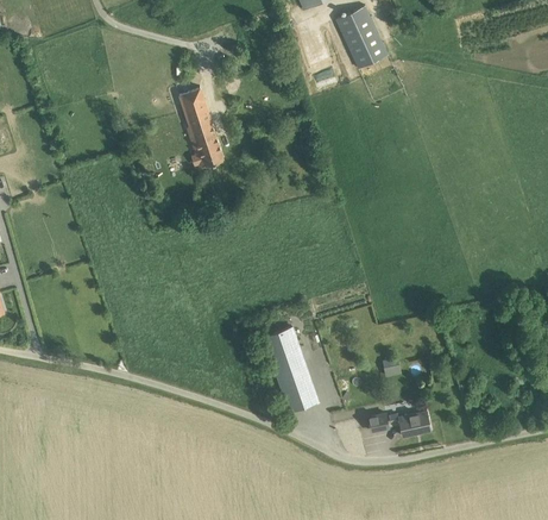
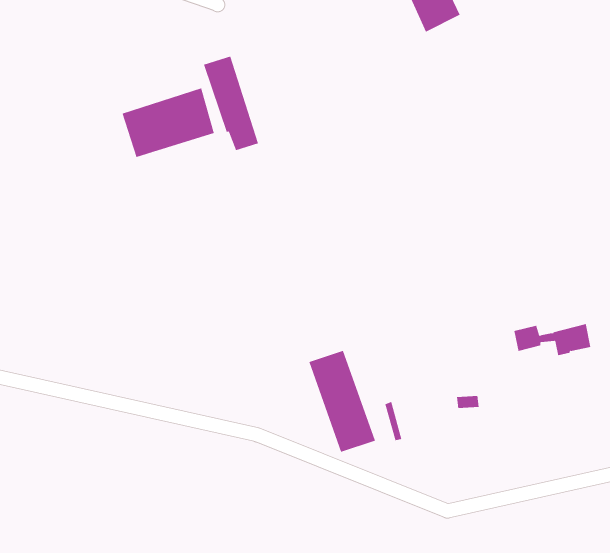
building: none -> [122,87,214,158]
building: [366,411,429,437] -> [514,324,591,356]

